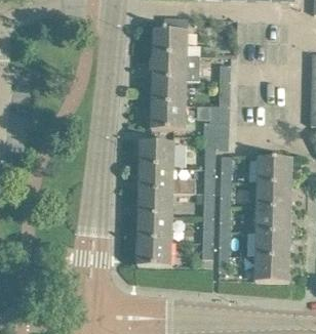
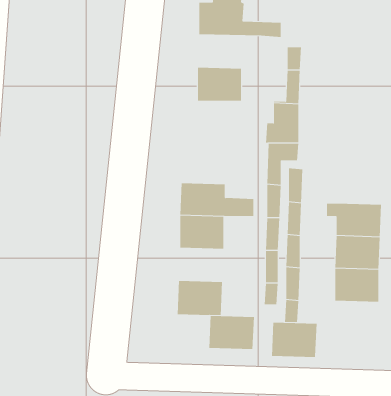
building: [152,54,200,80] -> none
building: [151,105,186,130] -> none
building: [140,141,174,167] -> none
building: [256,157,291,182] -> none
building: [137,215,172,241] -> [208,315,255,349]
building: [254,255,289,282] -> [271,322,317,358]

